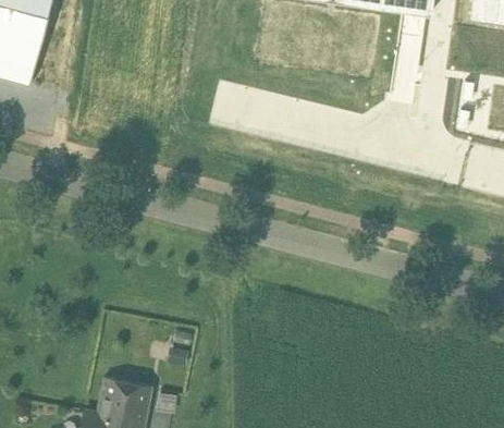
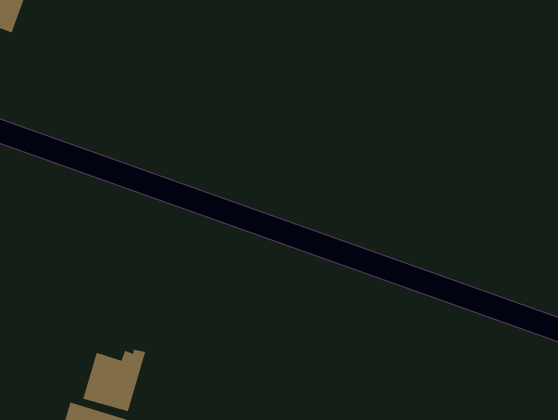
building: none -> [82,349,146,412]

